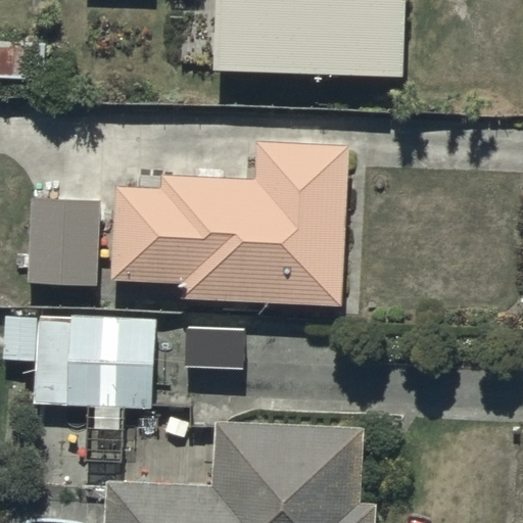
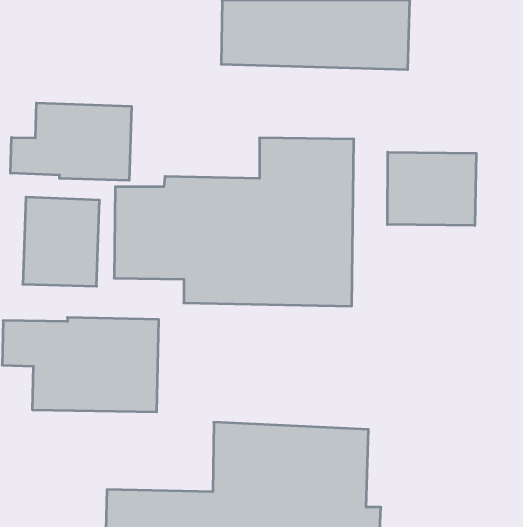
building: none -> [11,103,131,180]
building: none -> [387,152,476,226]

